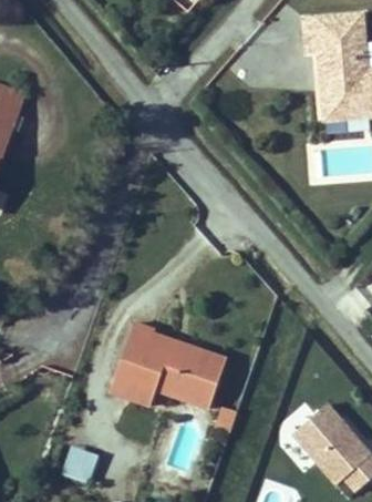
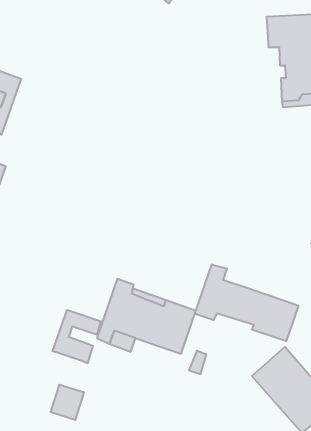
building: none -> [195,264,298,341]
building: none -> [53,310,101,363]

